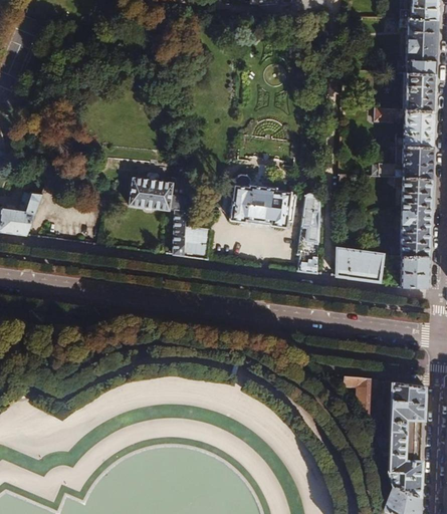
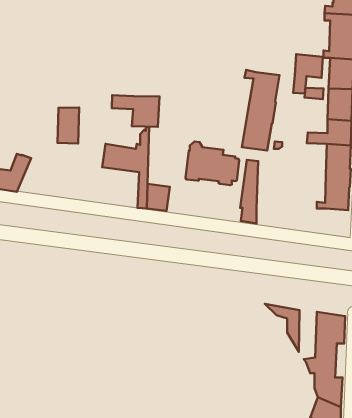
building: none -> [293,54,323,94]
building: none -> [242,70,280,151]
building: none -> [112,95,159,127]
building: none -> [58,107,79,143]
building: [338,247,388,281] -> none
building: [402,255,430,288] -> none

